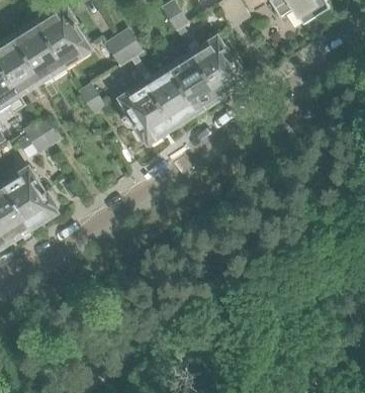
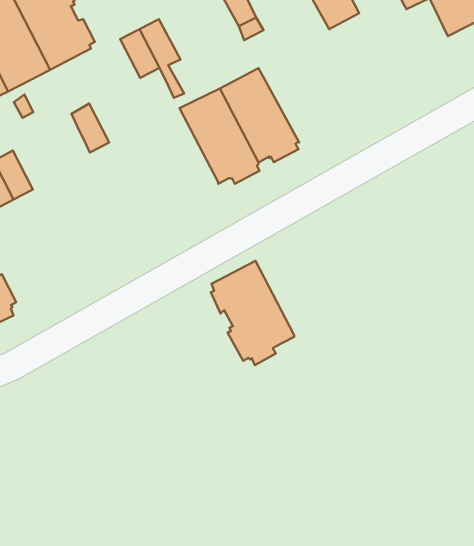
building: [186,37,246,96] -> none
building: [119,82,172,144] -> [211,261,294,365]

